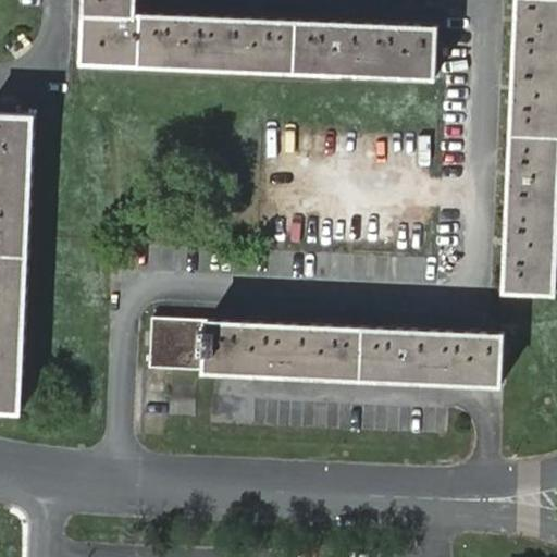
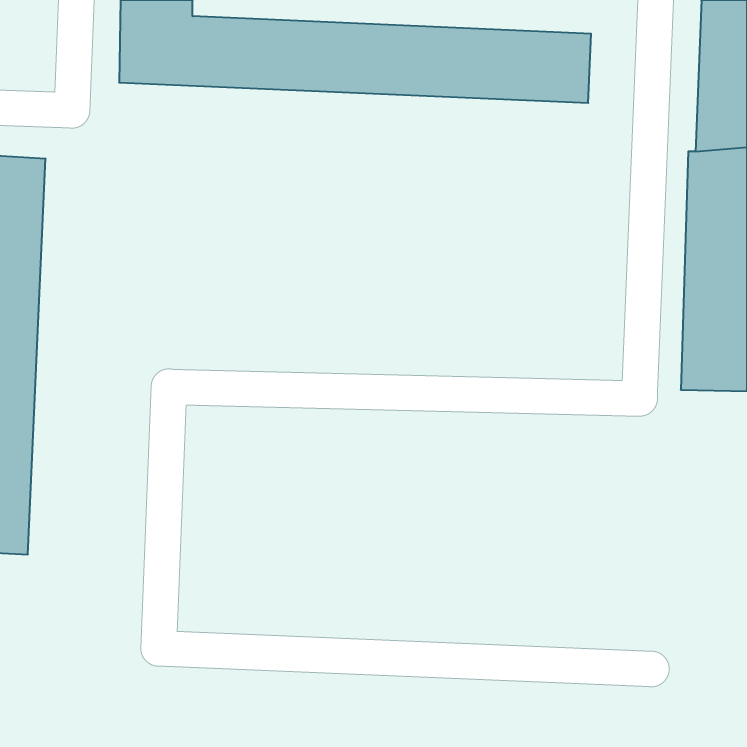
building: [147,318,503,383] -> none

